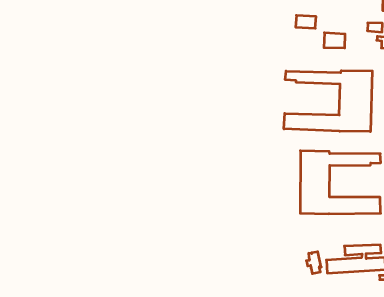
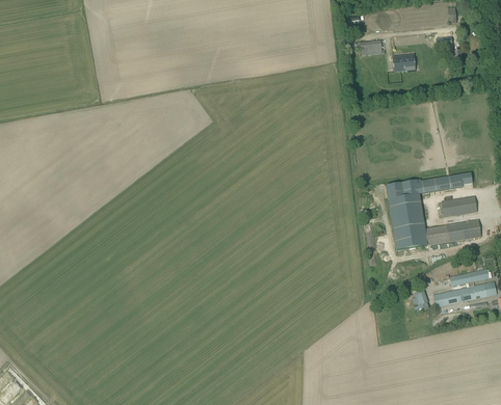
building: [284,71,372,132] -> none
building: none -> [441,195,476,216]

